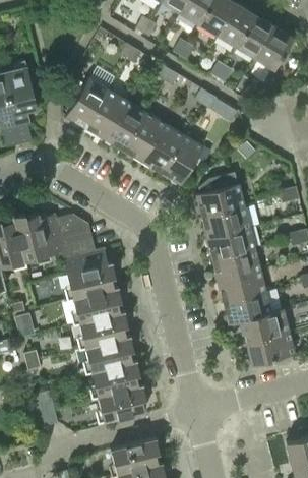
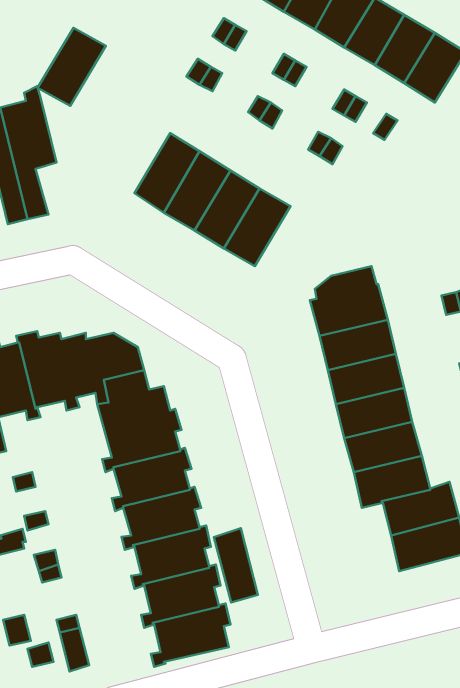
building: [66,78,109,127] -> [38,28,106,106]
building: [162,135,203,185] -> none
building: none -> [214,528,258,602]

